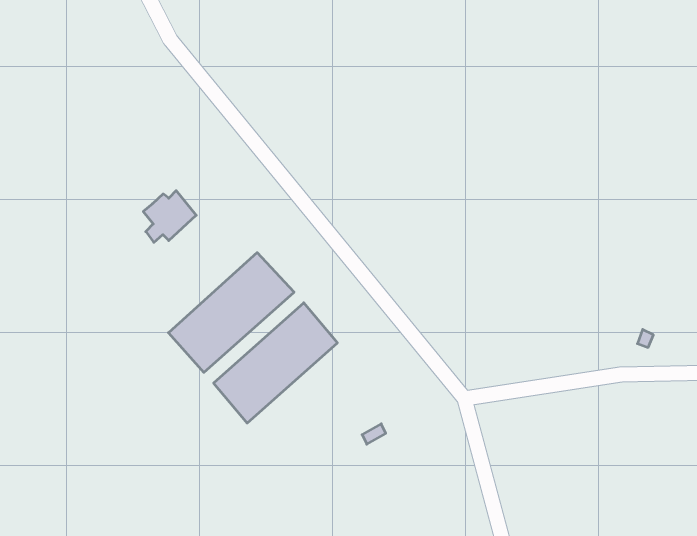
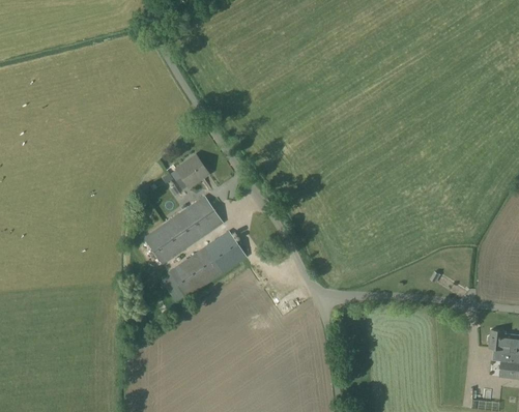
building: [143,191,196,242] -> [176,157,208,187]

